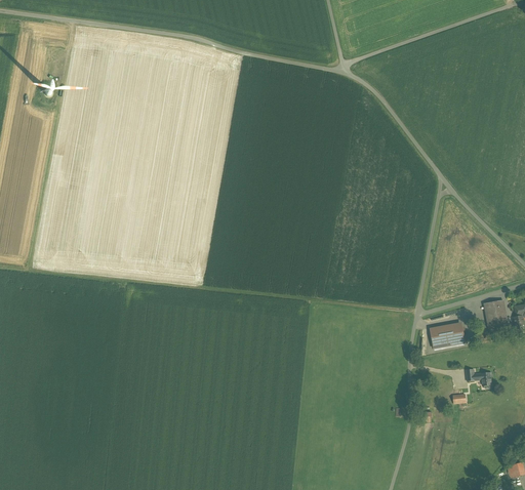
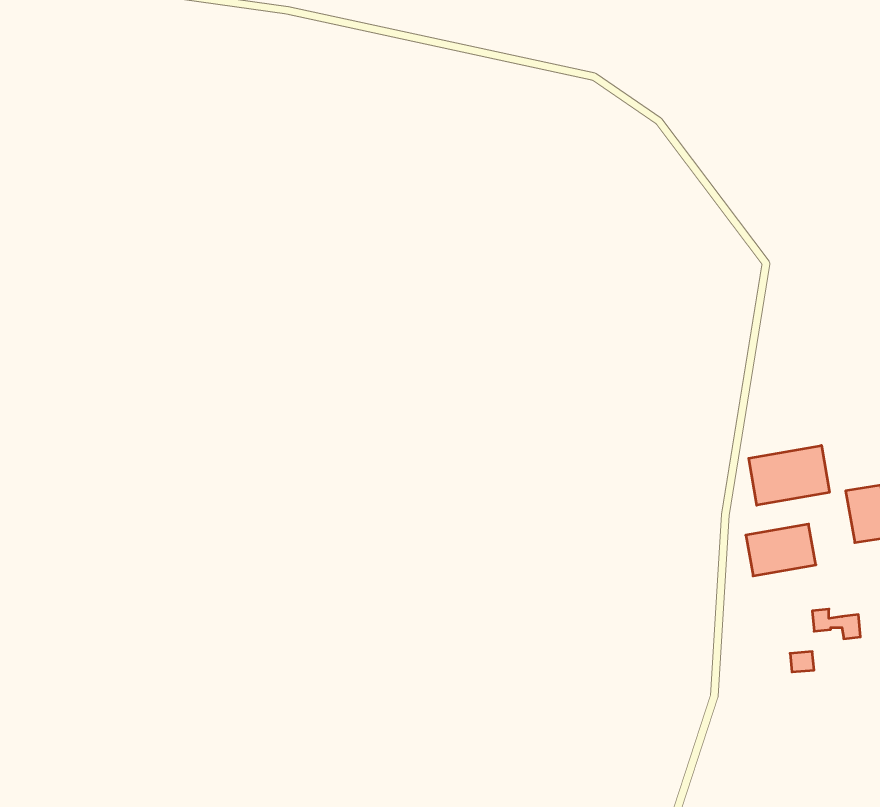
building: none -> [749,445,829,505]

